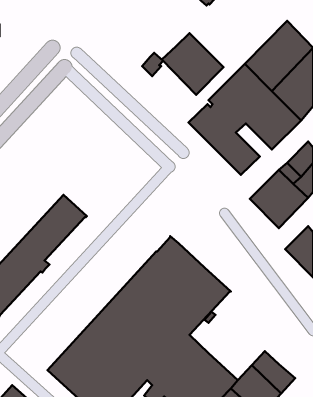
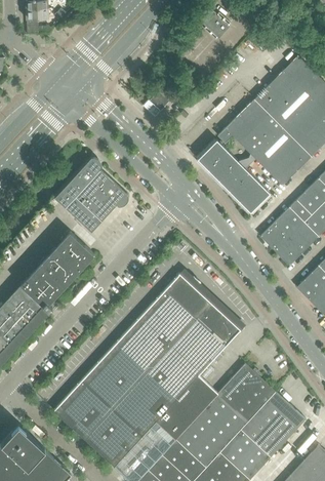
building: [162,33,224,95] -> none
building: none -> [53,158,127,232]
building: none -> [217,363,275,422]

